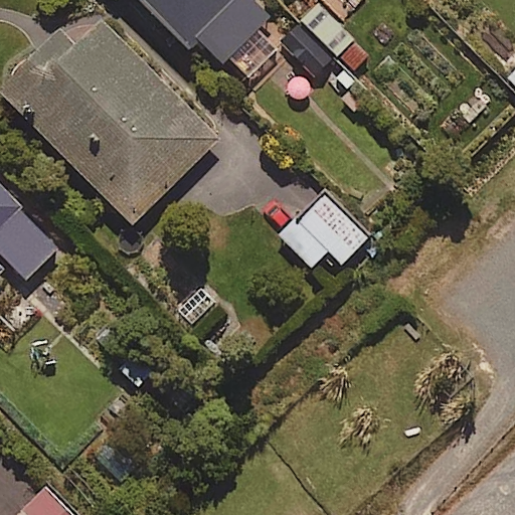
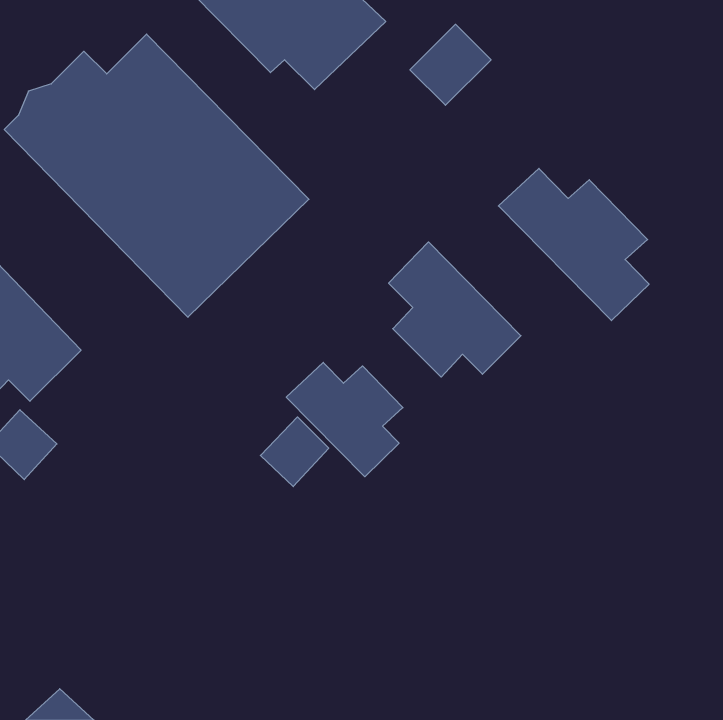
building: none -> [498,168,649,321]
building: none -> [286,362,403,477]

